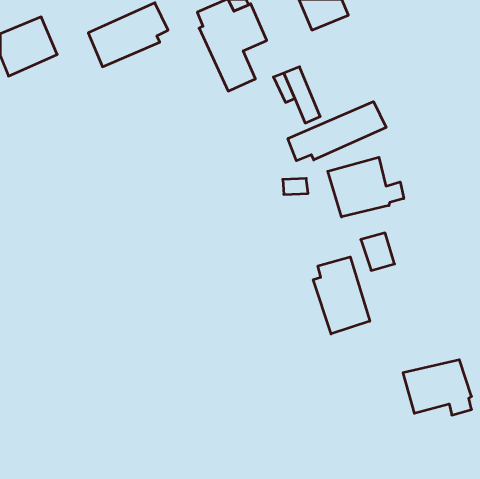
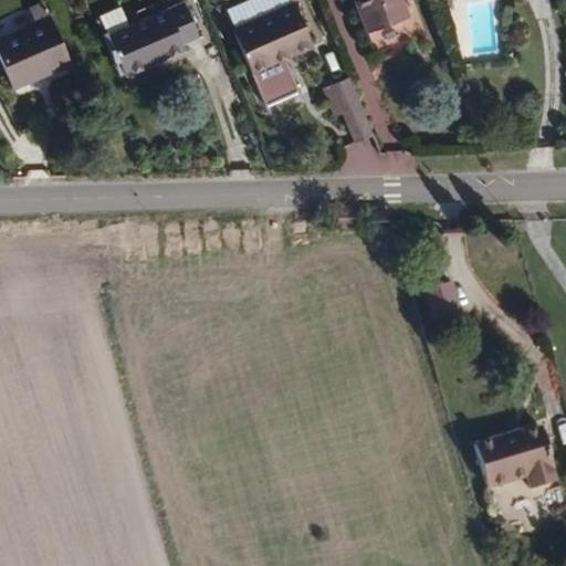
building: [288,102,386,161] -> none
building: [328,157,404,217] -> none
building: [313,257,370,334] -> none

